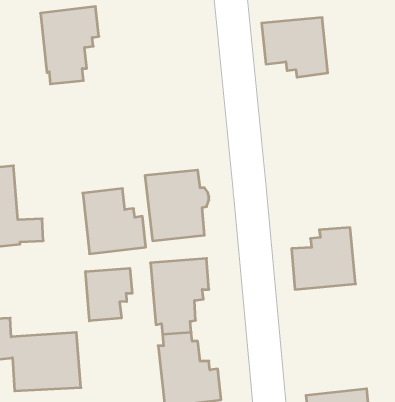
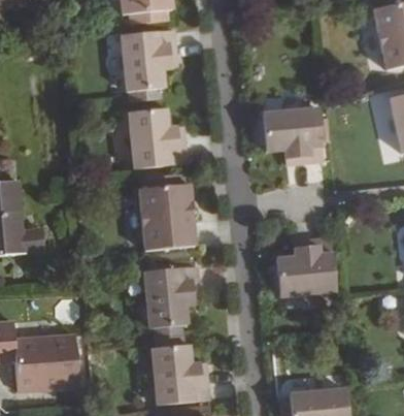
building: [40,7,99,84] -> [121,29,175,101]
building: [262,18,328,77] -> [261,107,323,163]
building: [83,189,146,254] -> [128,107,187,168]
building: [86,268,132,321] -> none

